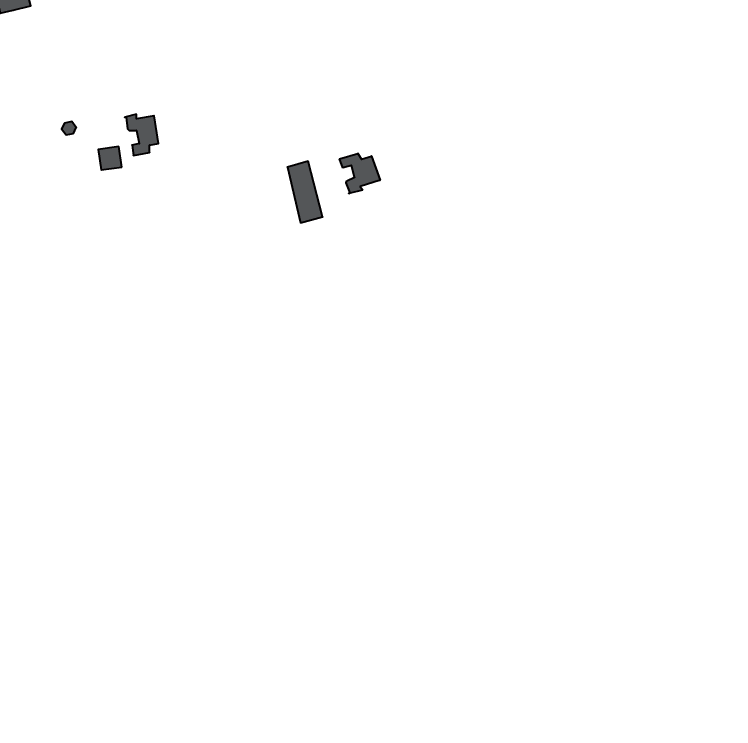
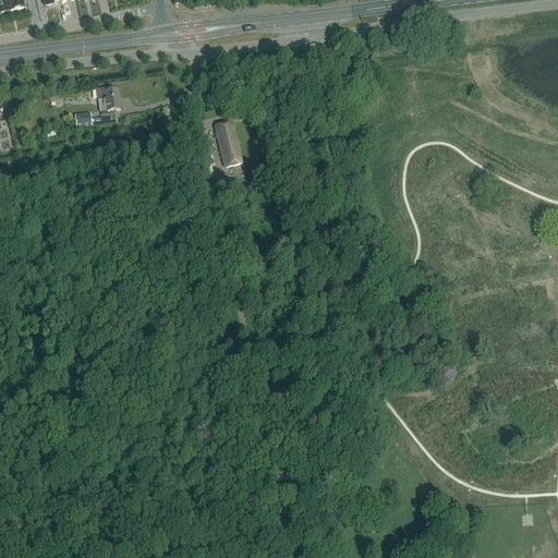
building: [340,153,380,193] -> none

